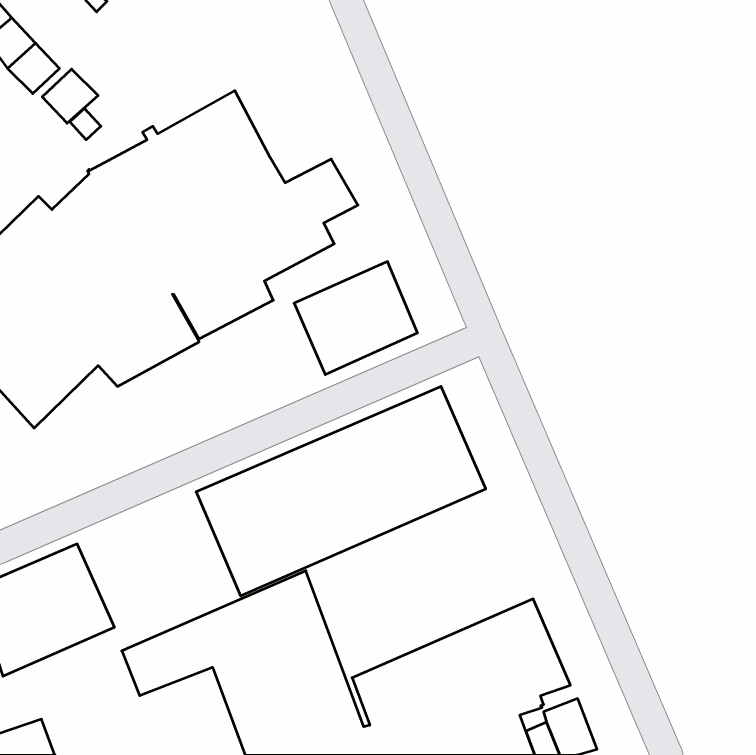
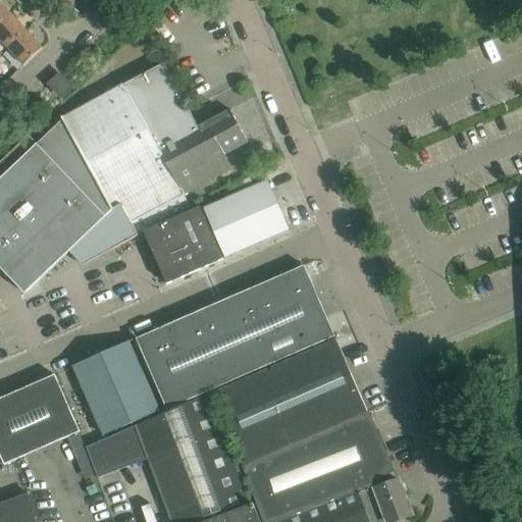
building: [42,69,98,123] -> none
building: none -> [142,206,221,283]
building: none -> [213,337,366,463]
building: none -> [71,341,158,434]

